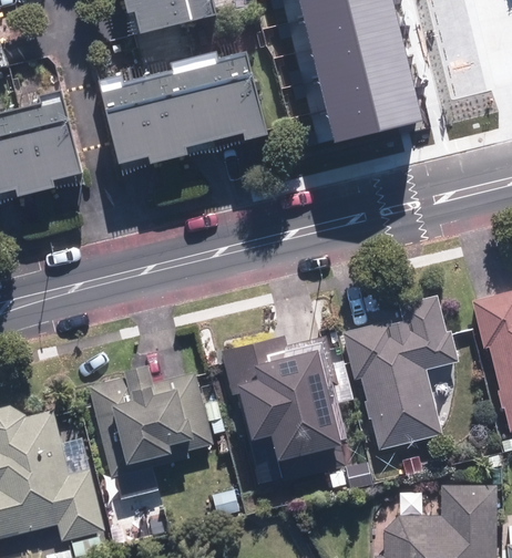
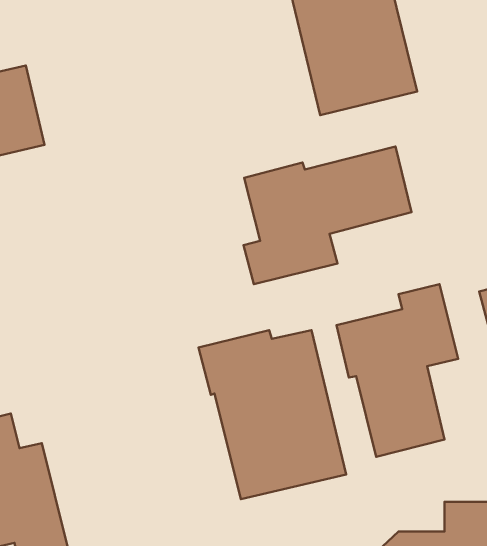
building: [109,54,268,158] -> none
building: none -> [244,147,411,284]
building: [86,370,213,477] -> none

